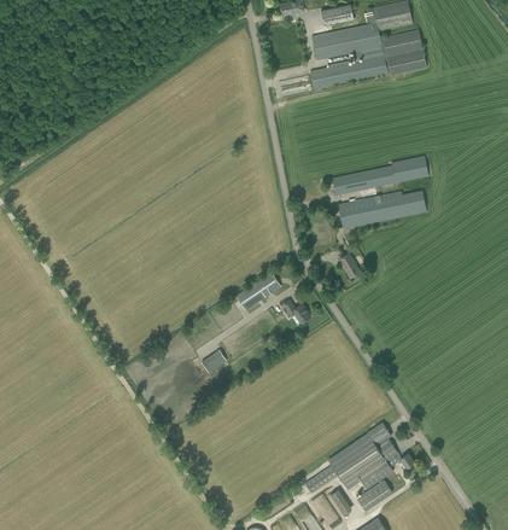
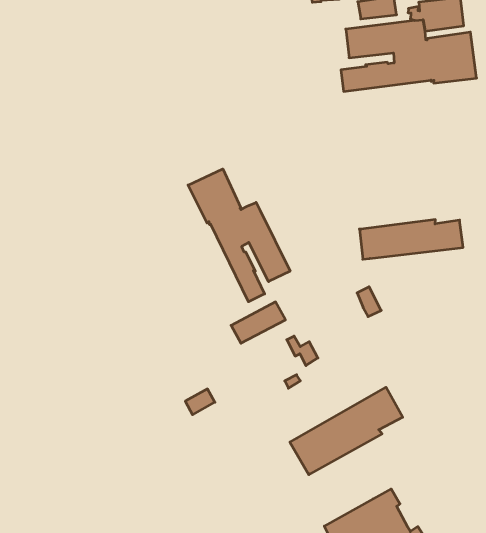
building: [332,156,427,196] -> none
building: none -> [188,169,290,302]
building: none -> [290,387,403,475]

